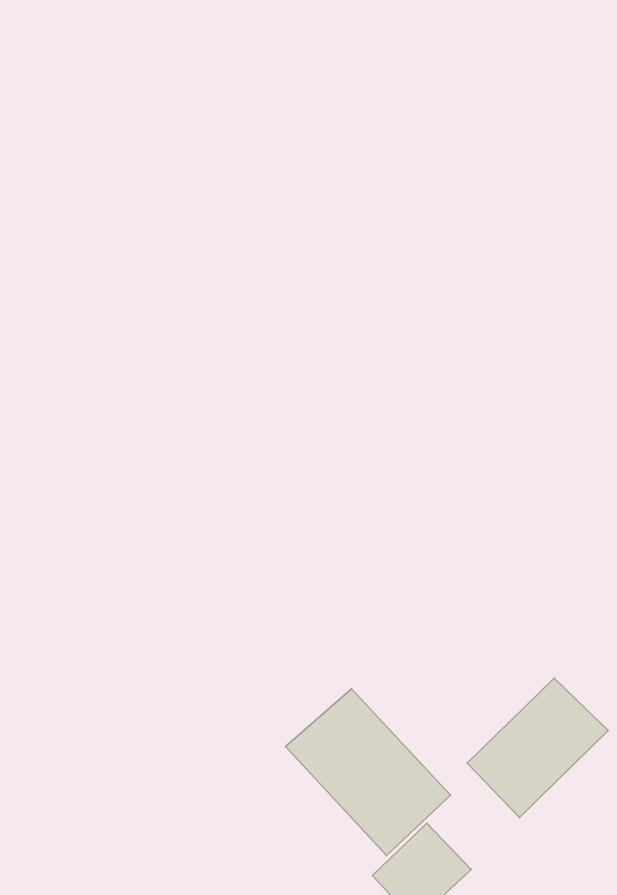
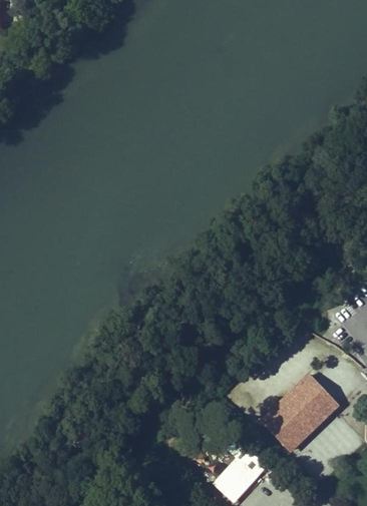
building: [285,689,450,855] -> none

